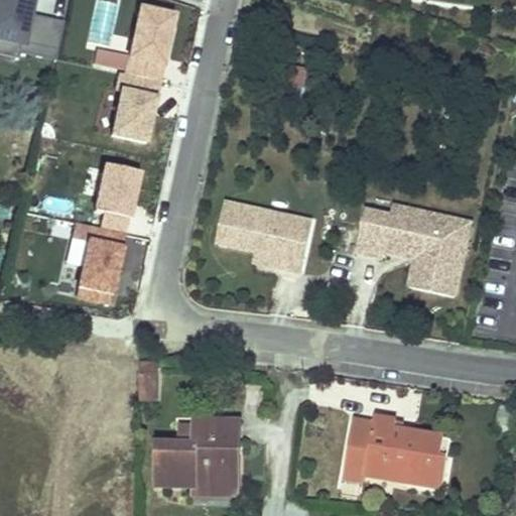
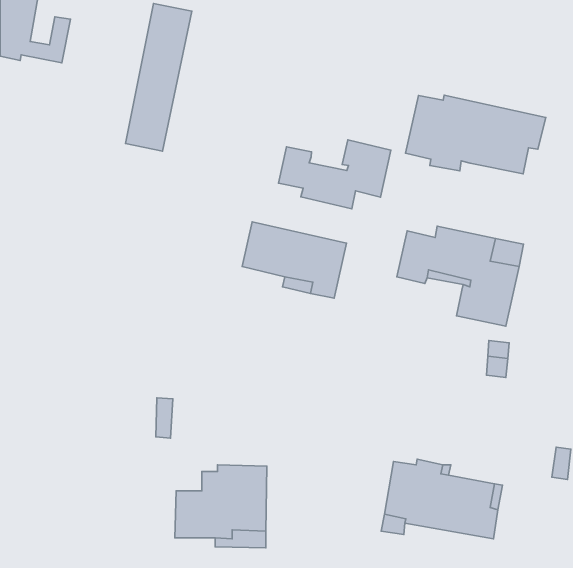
building: none -> [406,95,546,174]
building: none -> [278,140,391,209]
building: [74,162,138,304] -> none

